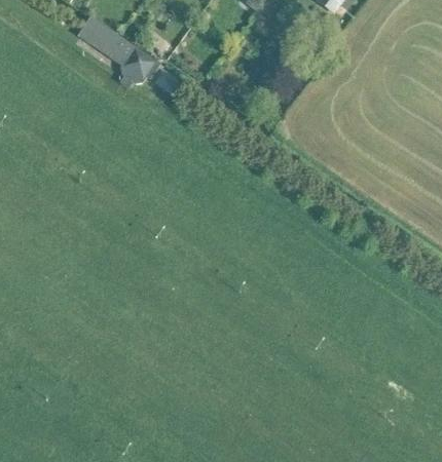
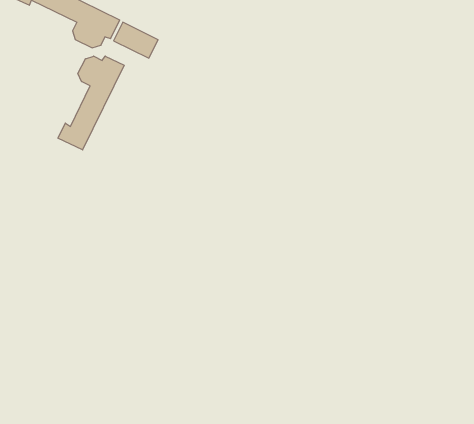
building: none -> [58,56,124,150]

